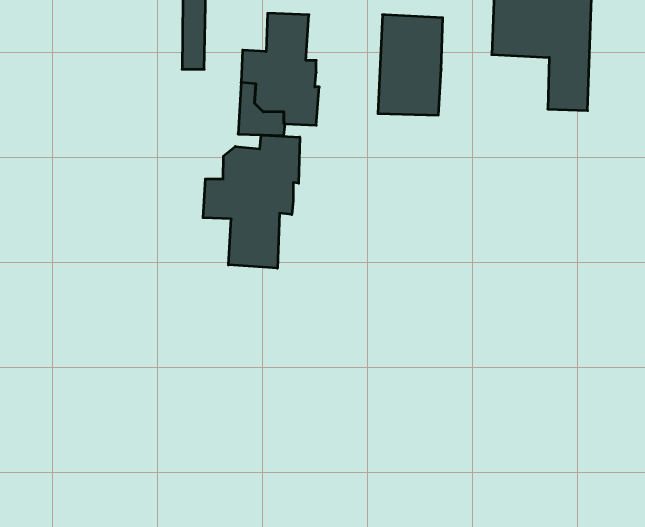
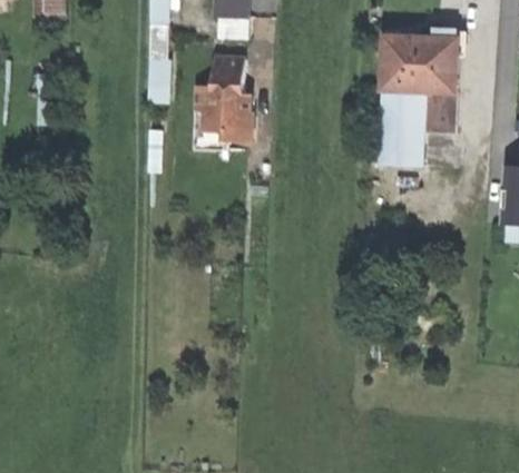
building: [378,15,443,115] -> [379,87,428,162]
building: [203,135,300,268] -> none

